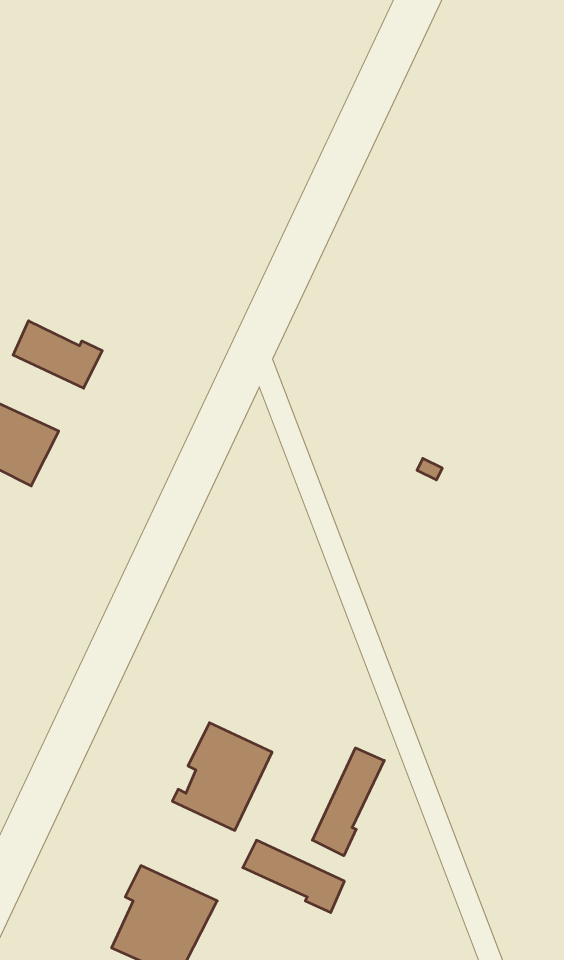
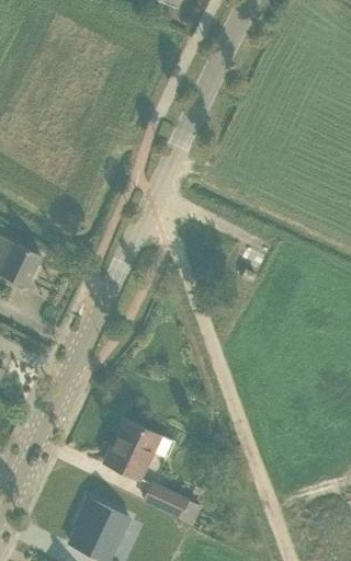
building: [13,321,102,388] -> none
building: [312,748,384,856] -> none

